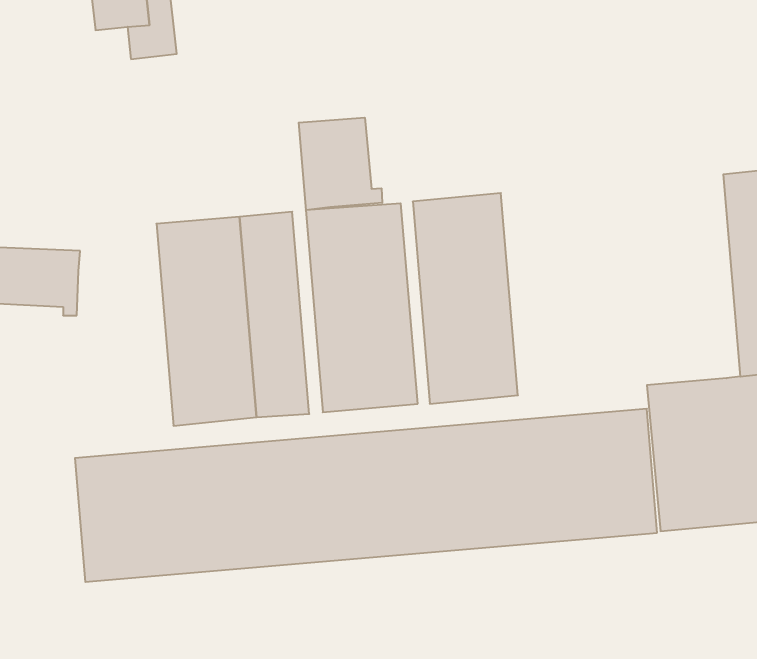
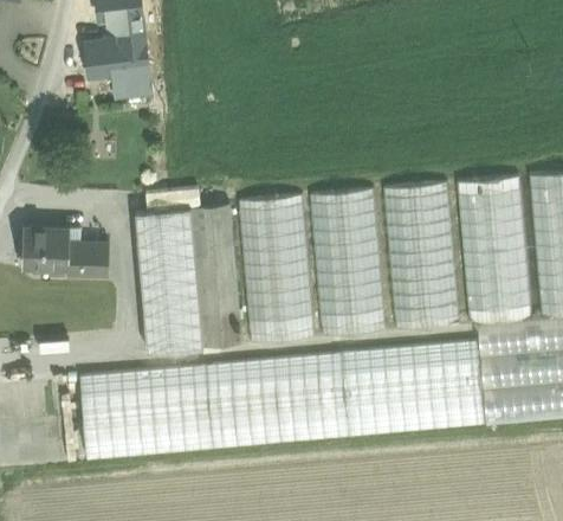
building: [299,118,382,210] -> none
building: none -> [457,178,532,323]
building: none -> [382,184,461,330]
building: none -> [79,244,109,276]

